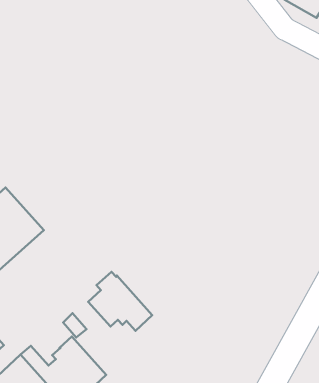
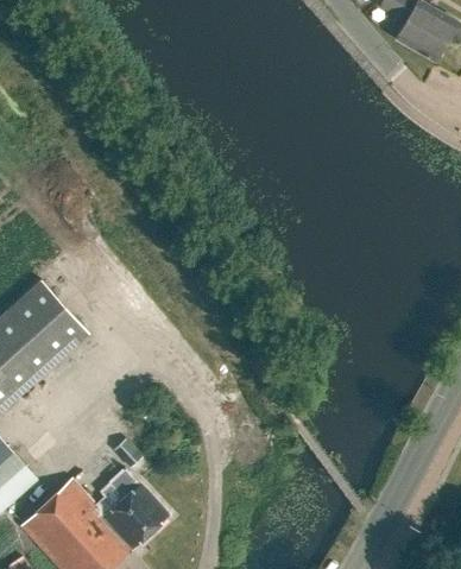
building: [88,272,152,331] -> none

